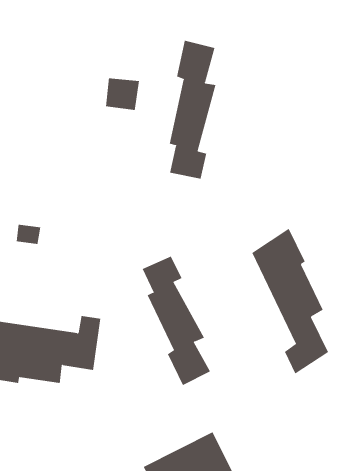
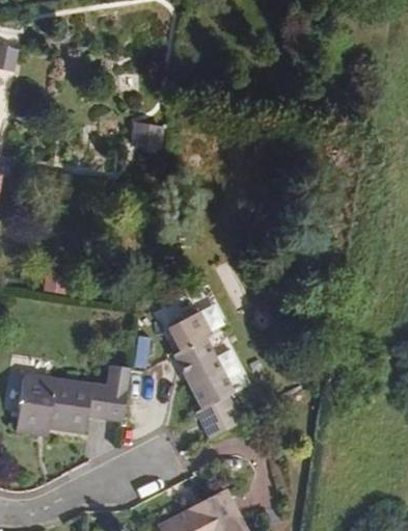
building: [169,40,216,180] -> none
building: [251,228,329,374] -> none

